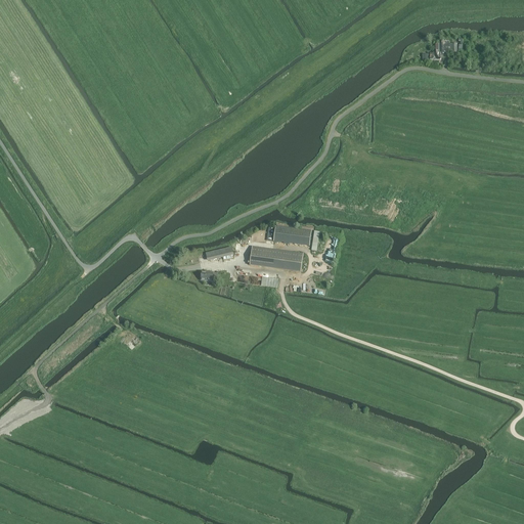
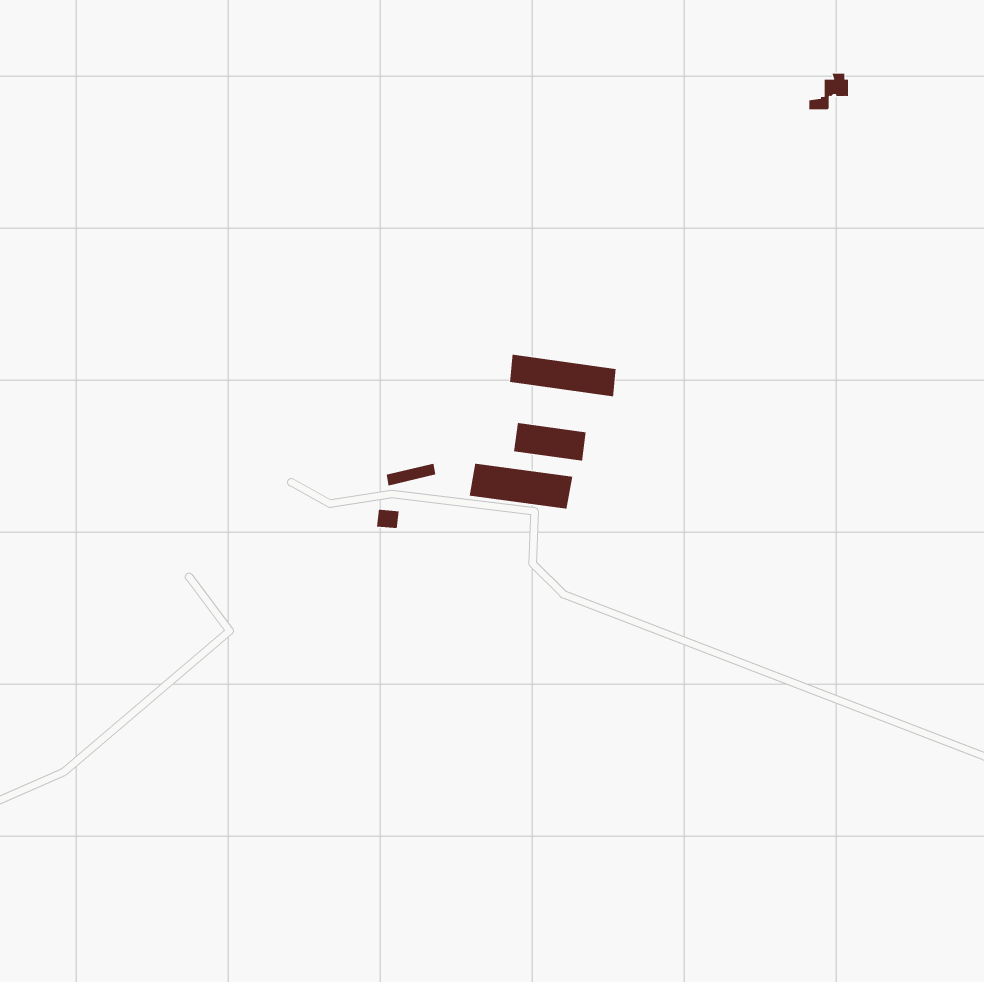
building: none -> [509,354,616,397]

